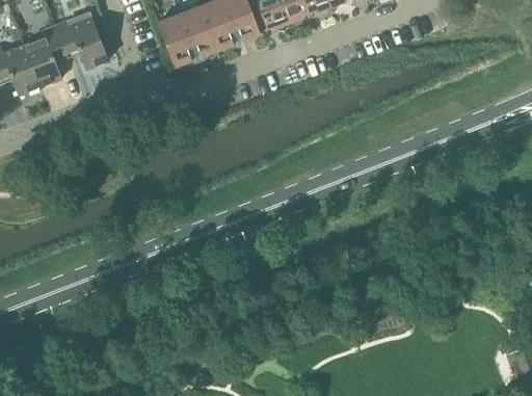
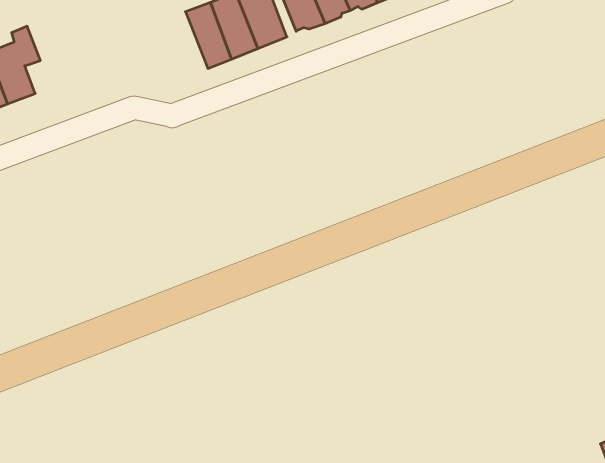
building: [54,10,109,69] -> none
building: [157,14,196,67] -> none

